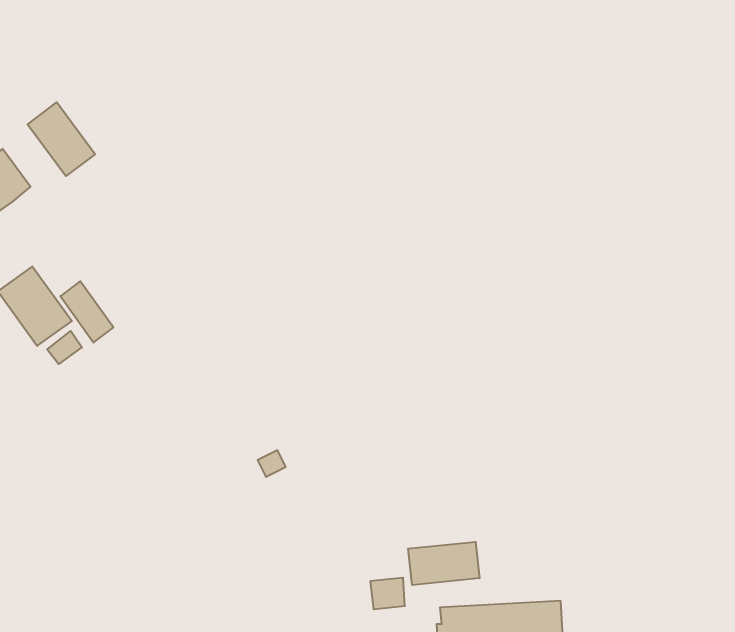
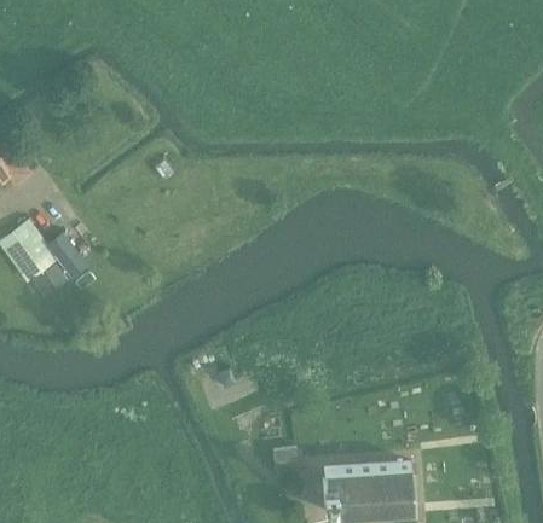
building: [28,102,95,176] -> none
building: [408,542,480,585] -> none

